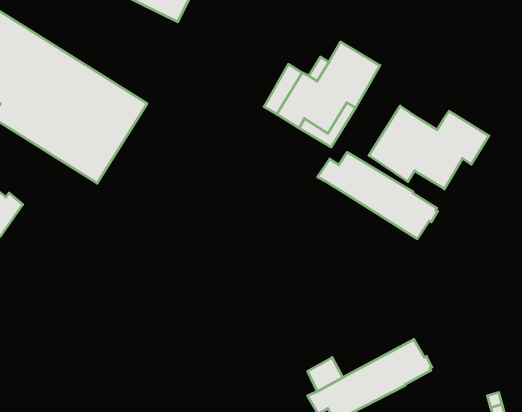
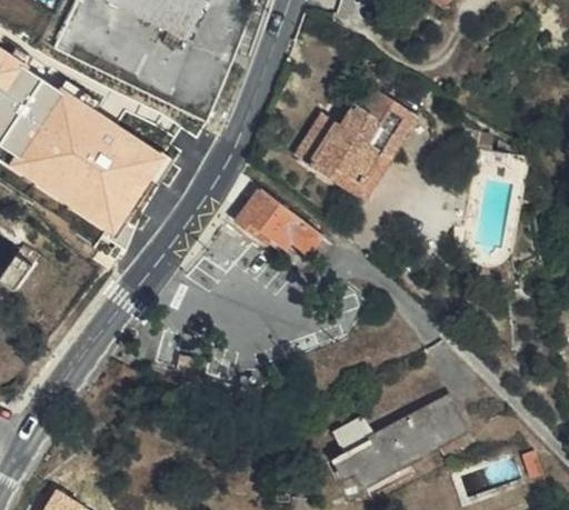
building: [369,106,489,189] -> none
building: none -> [233,187,319,250]
building: [318,152,438,239] -> none

